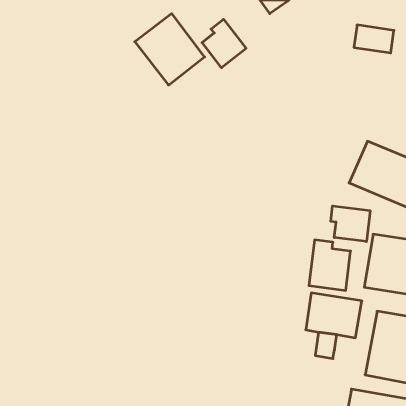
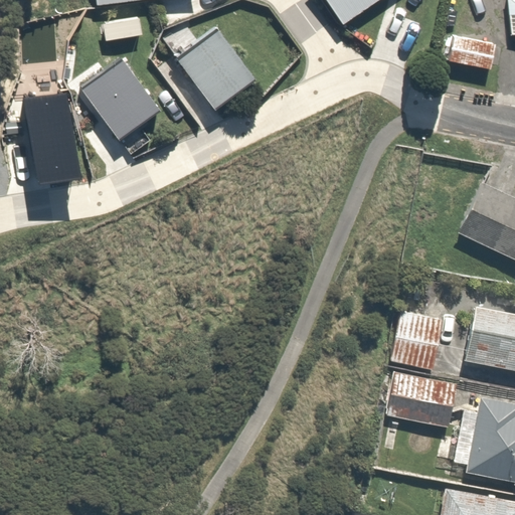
building: [202,19,246,68] -> none
building: none -> [79,54,166,143]
building: none -> [25,90,80,180]
building: [331,206,370,242] -> none

